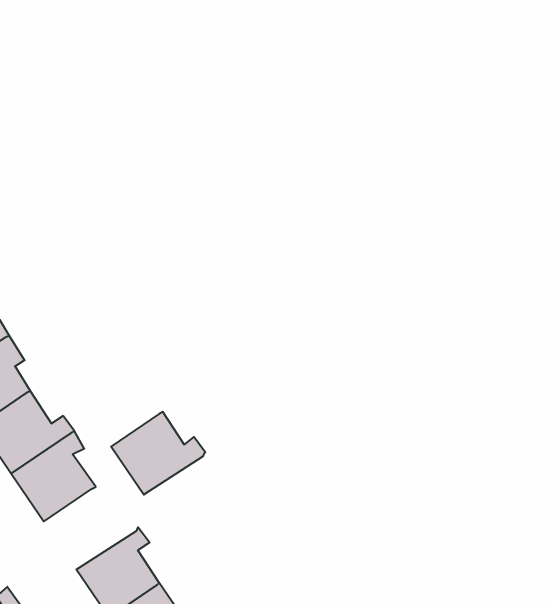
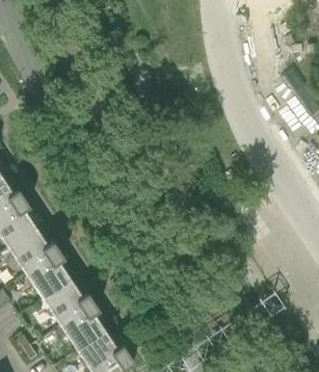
building: [111,412,205,495] -> [42,280,92,324]

